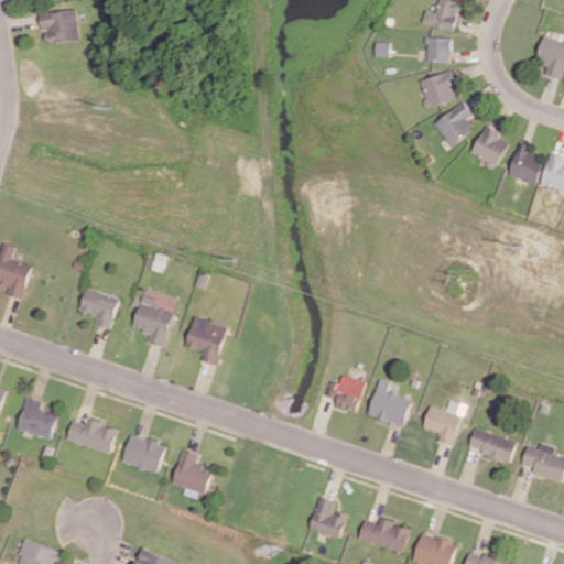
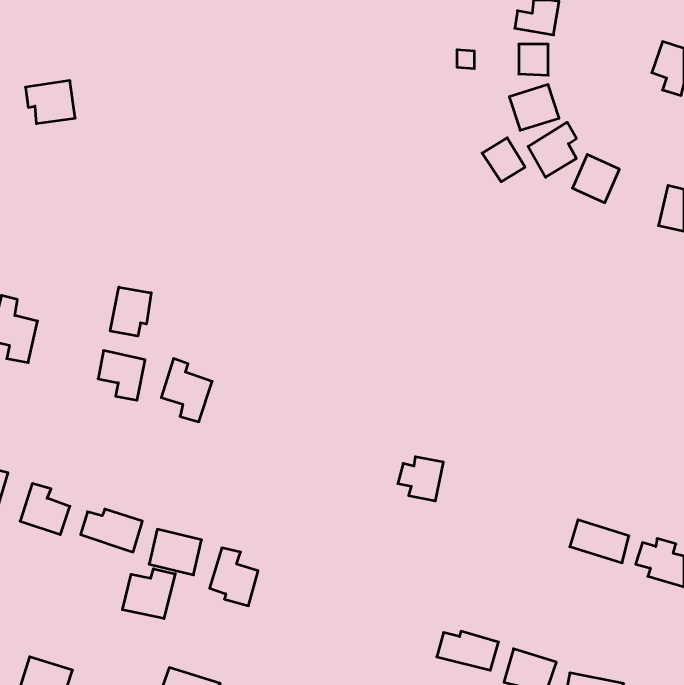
building: [37,9,78,44] -> [25,81,75,124]
building: none -> [482,138,525,182]
building: [509,143,542,183] -> none
building: none -> [110,287,151,336]
building: [186,316,228,365] -> none
building: [368,379,411,425] -> none
building: [423,405,462,446] -> none
building: none -> [122,569,175,619]
building: [308,496,347,539] -> none

